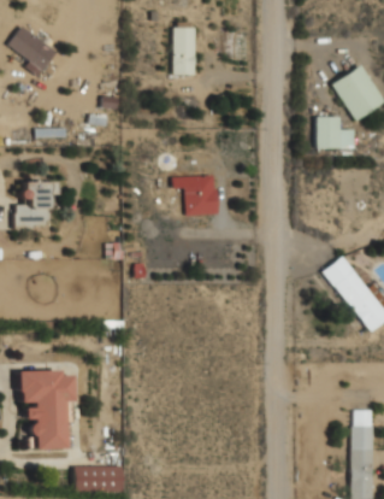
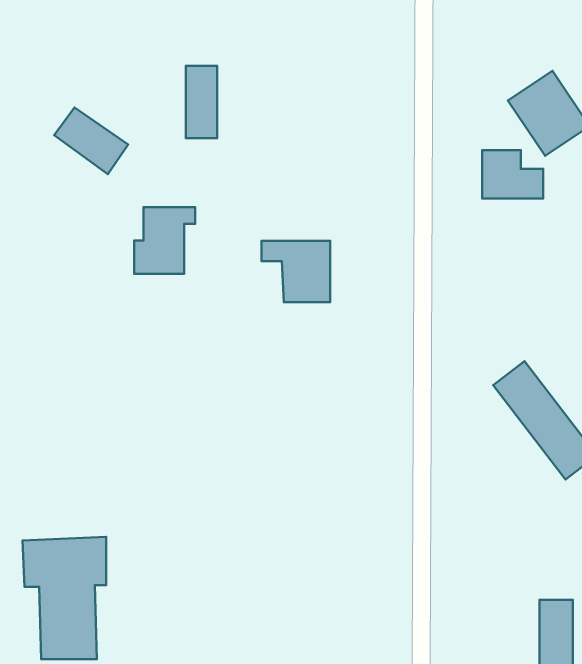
building: [8,28,57,71] -> [54,108,128,174]
building: [175,28,195,75] -> [186,66,217,138]
building: [14,183,54,227] -> [134,207,195,274]

